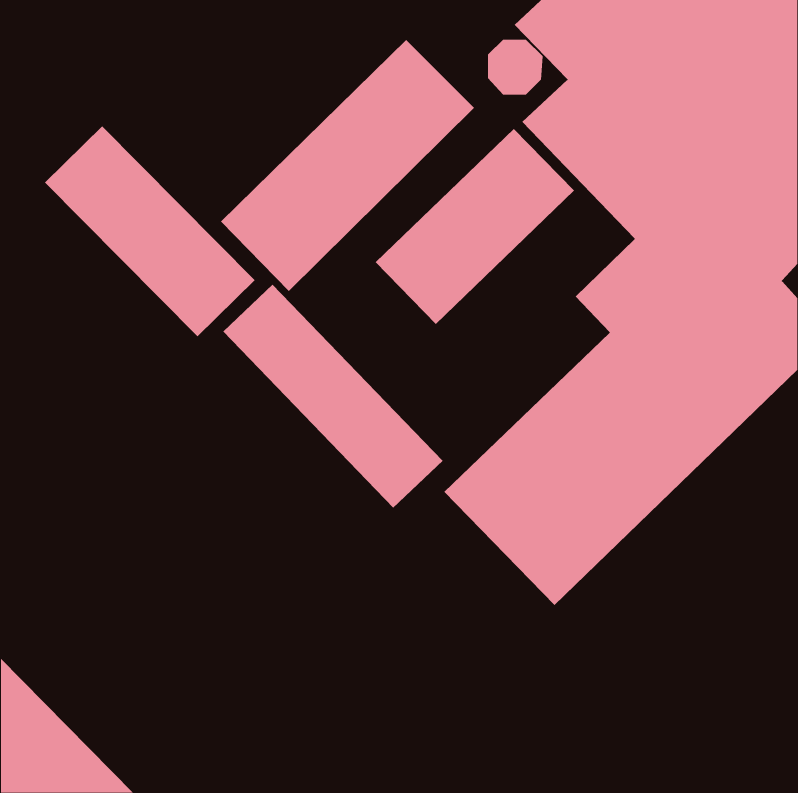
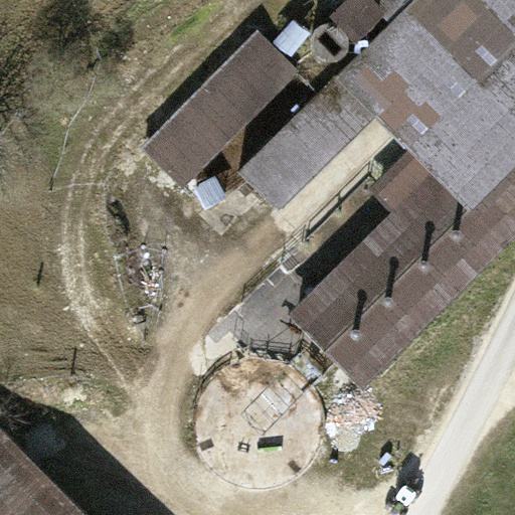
building: [44,125,256,337] -> none
building: [222,284,443,508] -> none

